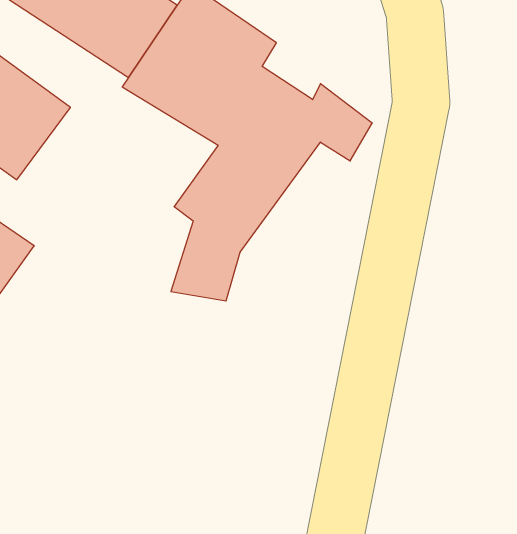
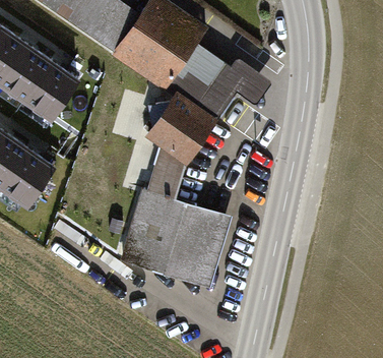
building: none -> [122,191,231,291]

